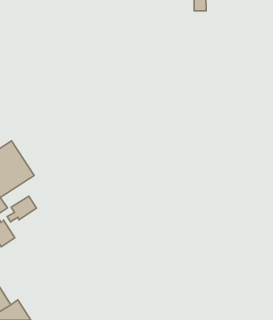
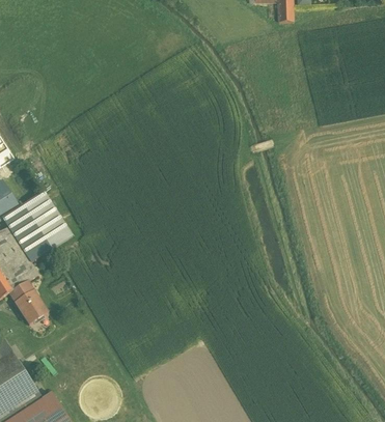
building: [7,196,37,222] -> none

